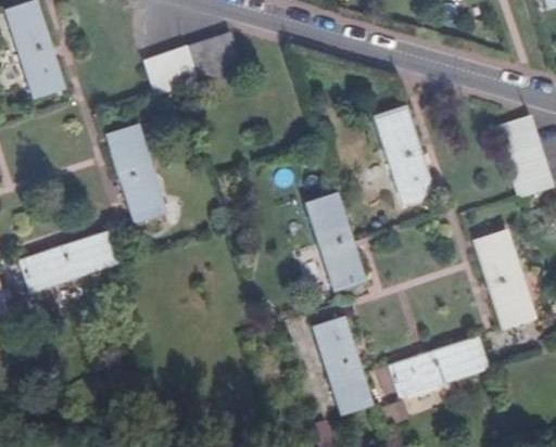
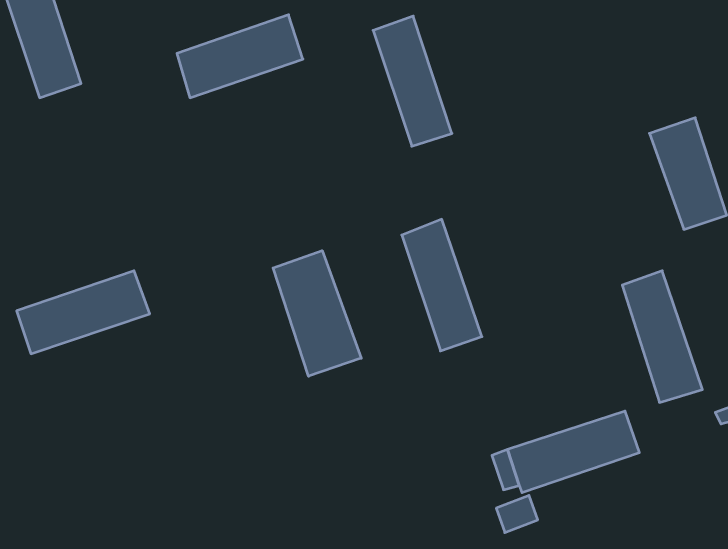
building: [375,104,434,203] -> [373,16,452,146]
building: [103,126,164,224] -> none
building: none -> [273,251,361,376]
building: [313,316,374,417] -> none

